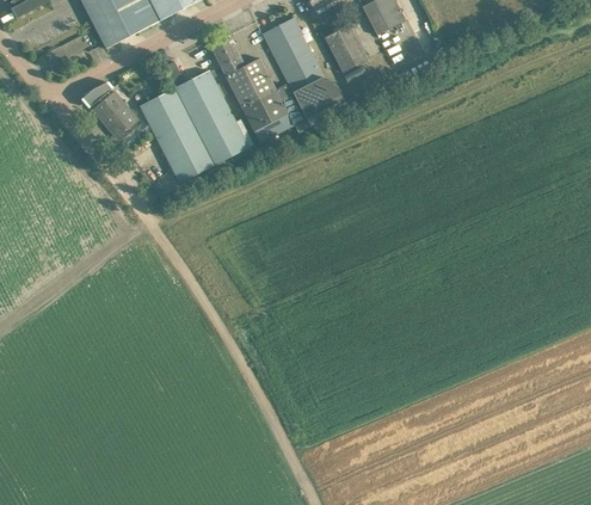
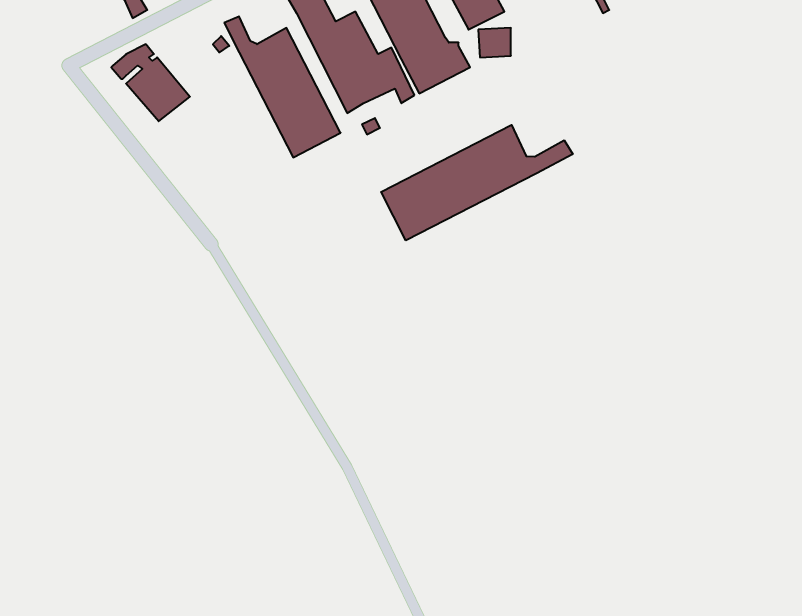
building: [140,87,214,181] -> none
building: none -> [381,125,573,240]

